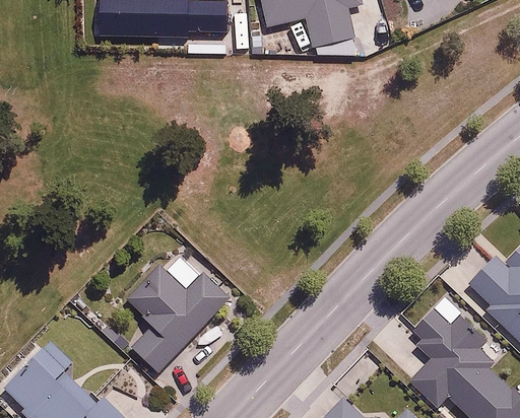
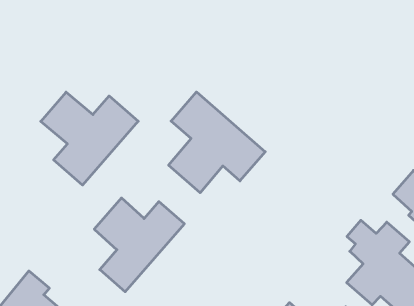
building: none -> [41,92,138,185]
building: none -> [169,92,265,193]

